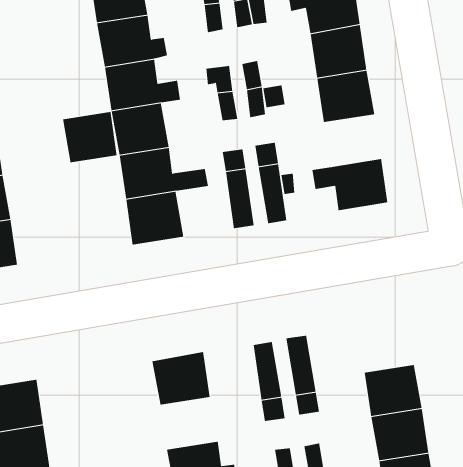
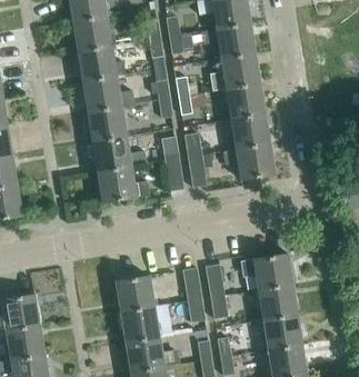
building: [63,111,117,163] -> none
building: none -> [222,113,271,149]
building: none -> [253,254,293,289]
building: none -> [120,306,160,341]

